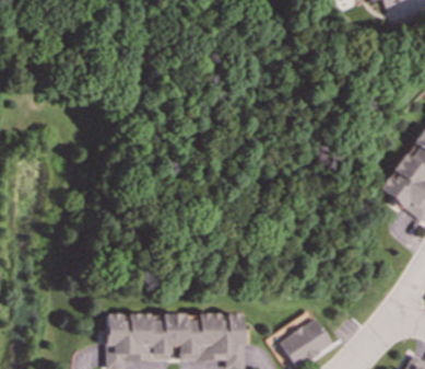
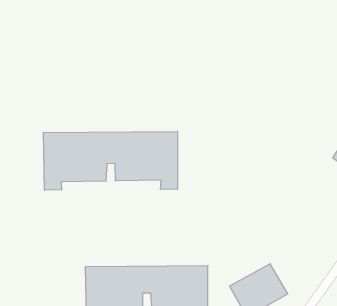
building: none -> [43,131,178,190]

